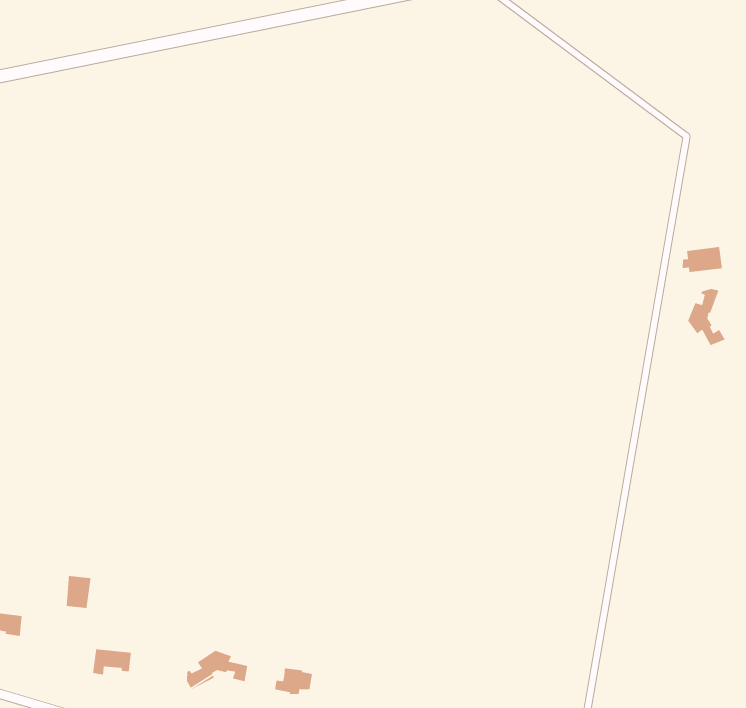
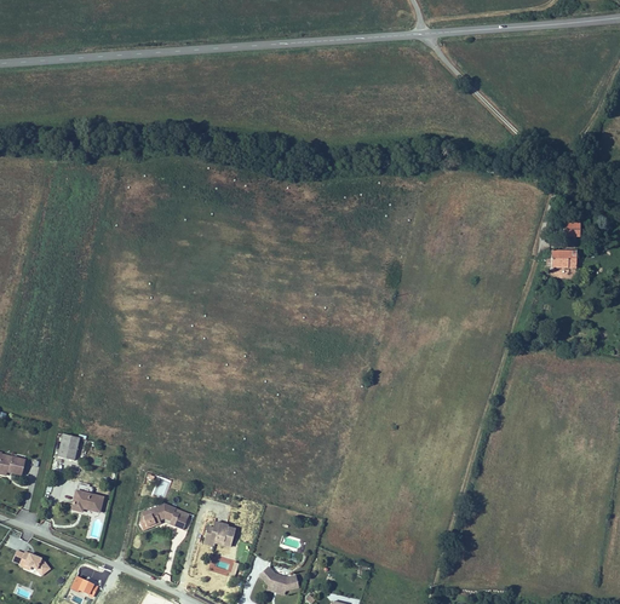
building: [687,288,726,346] -> none

